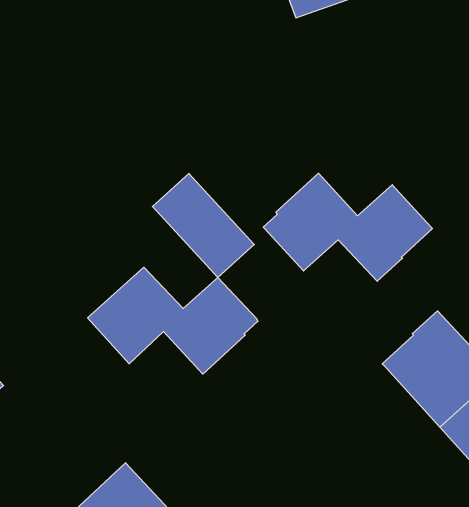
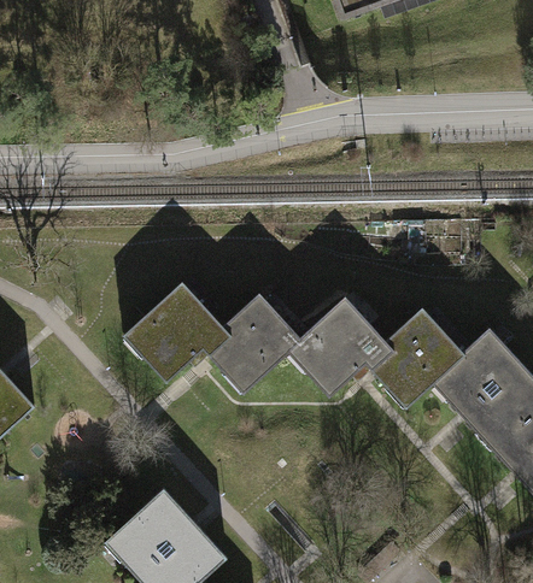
building: [263,173,432,281] -> [287,296,464,410]
building: [152,173,254,278] -> none

